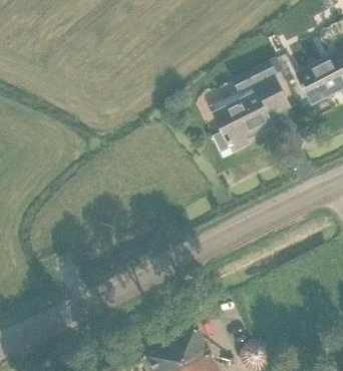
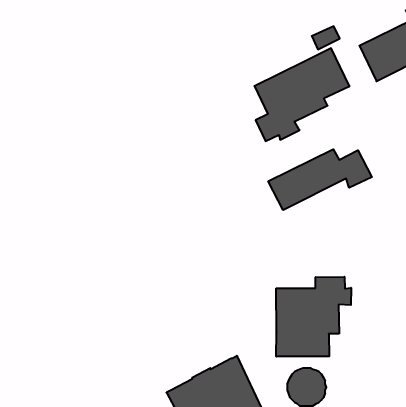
building: none -> [268,149,372,210]
building: none -> [276,277,351,357]

